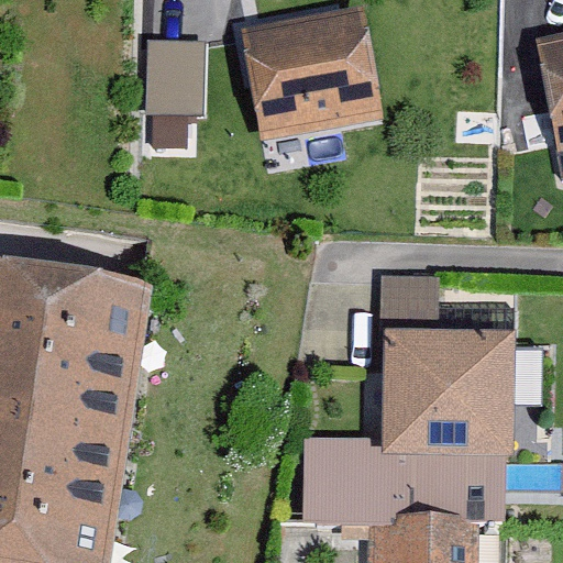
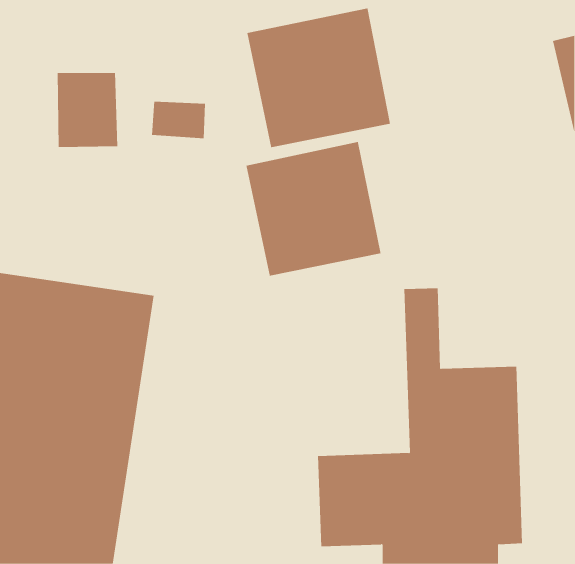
building: [144,23,203,96] -> [57,72,118,148]
building: none -> [246,141,381,277]

